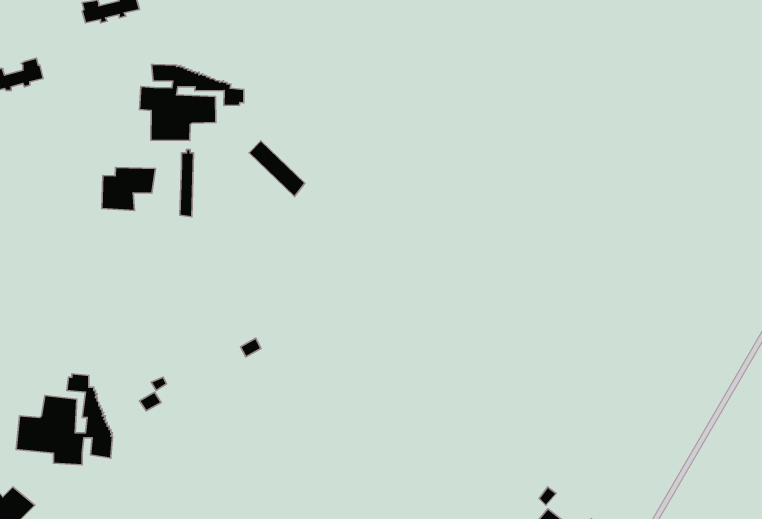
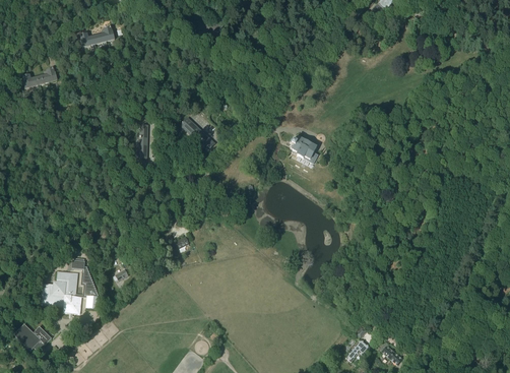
building: [140,64,244,141] -> none
building: [102,167,156,210] -> none
building: none -> [289,136,317,163]

